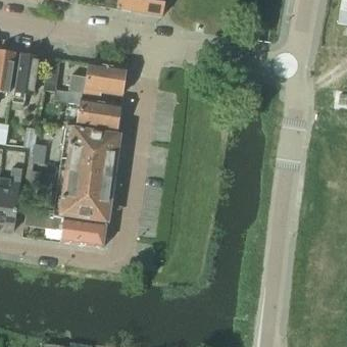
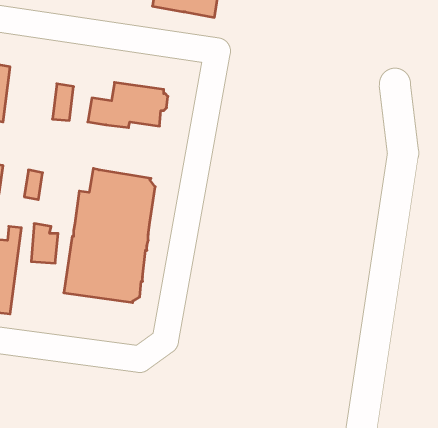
building: [12,52,39,100] -> none
building: [68,91,121,132] -> none
building: [24,211,106,246] -> none

